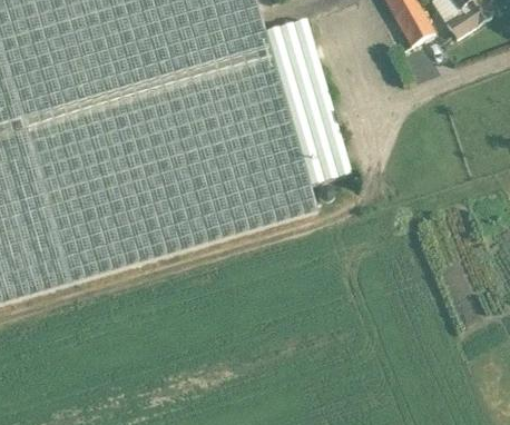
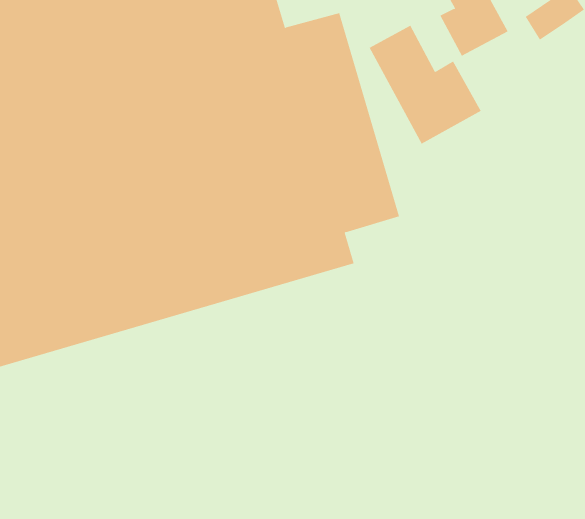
building: none -> [369,25,481,145]

